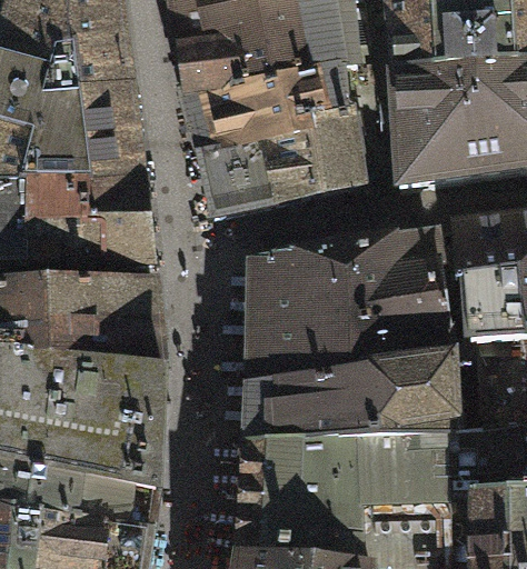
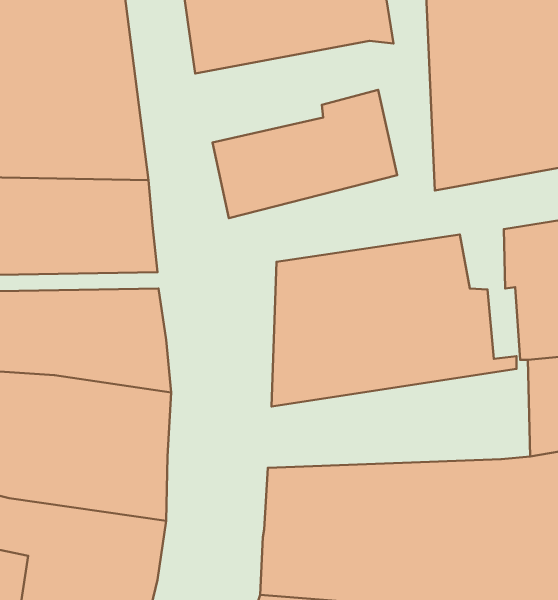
building: [181,61,344,151] -> none
building: [246,351,466,439] -> none

